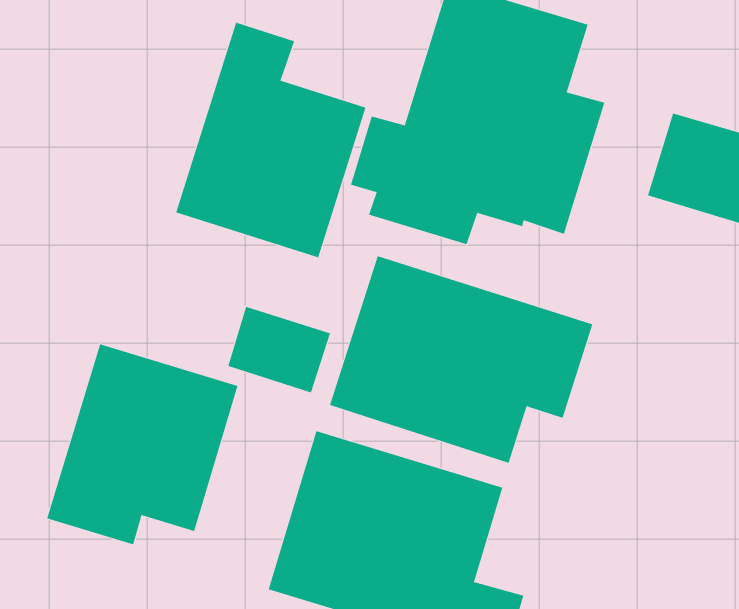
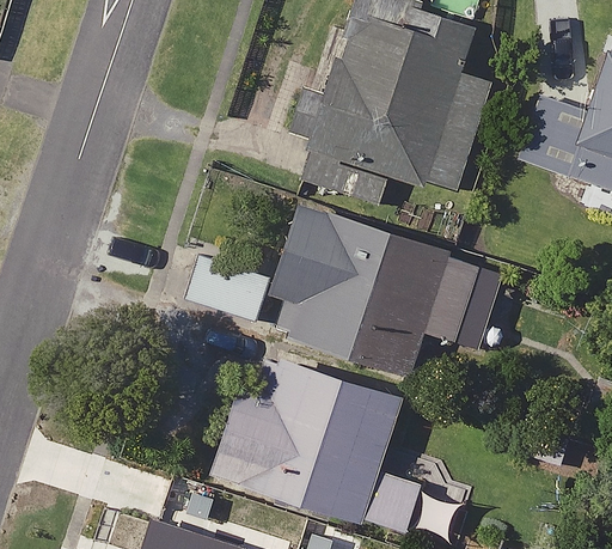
building: [175,22,366,258] -> none
building: [47,343,238,545] -> none

